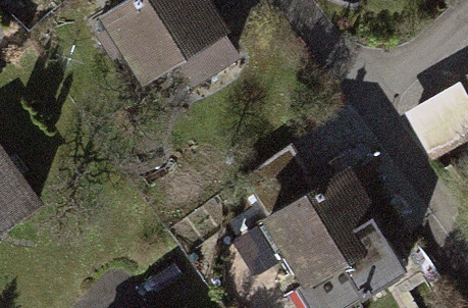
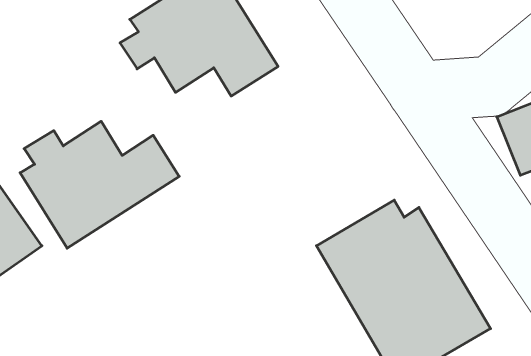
building: none -> [20,121,179,248]

